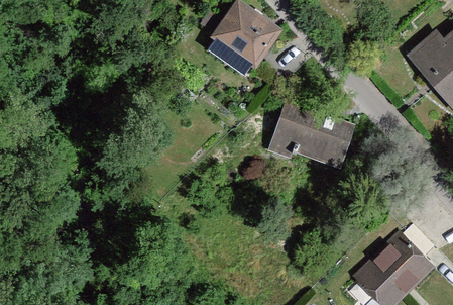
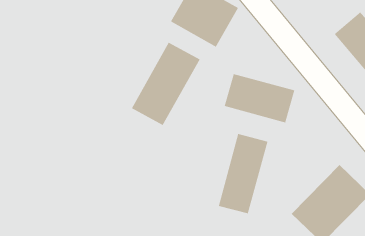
building: none -> [131,42,201,126]
building: none -> [218,133,268,214]

